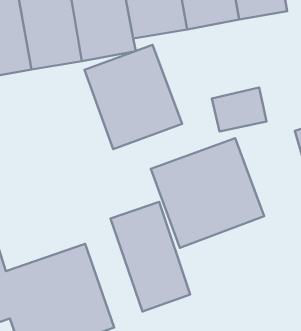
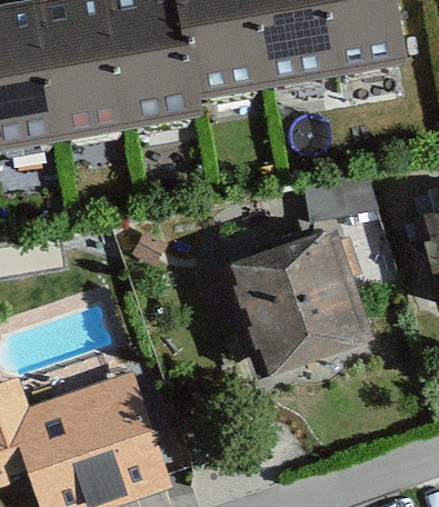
building: [84,45,182,149] -> none
building: [110,202,190,311] -> none

